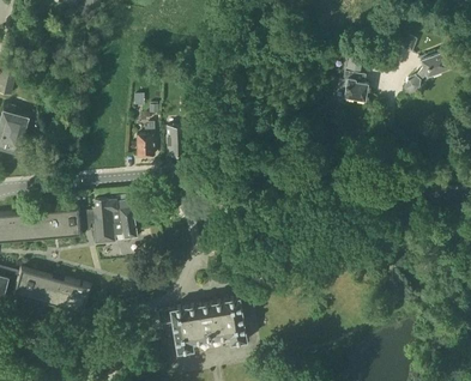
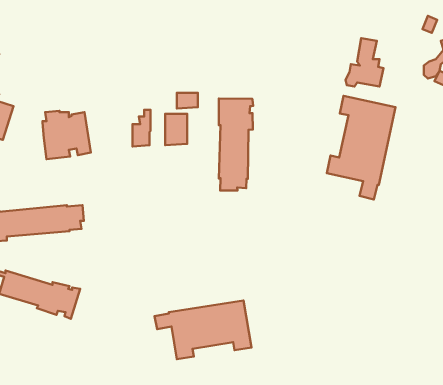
building: none -> [327,96,396,200]
building: none -> [219,99,253,191]
building: [92,199,137,243] -> [43,111,91,159]

